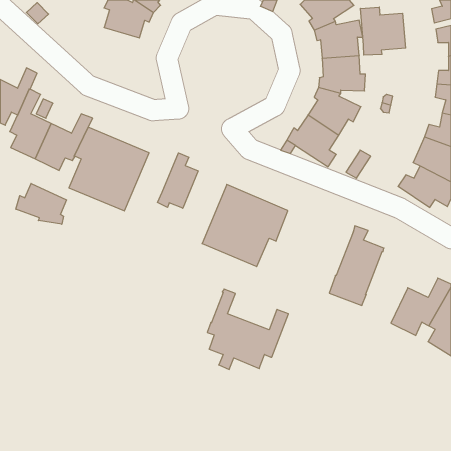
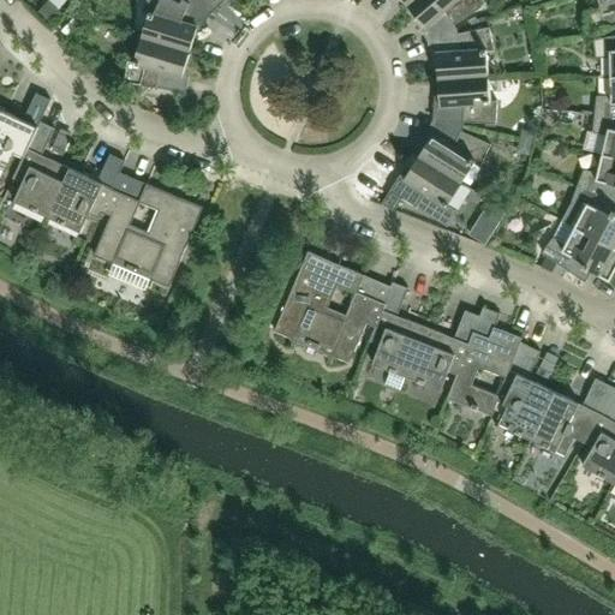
building: [360,7,406,55] -> none
building: none -> [124,37,190,92]
building: [158,153,198,208] -> none
building: [16,183,67,224] -> none
building: none -> [497,342,555,440]
building: [207,289,288,369] -> [370,282,480,392]

